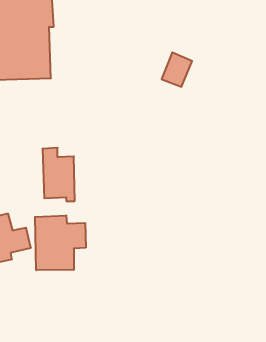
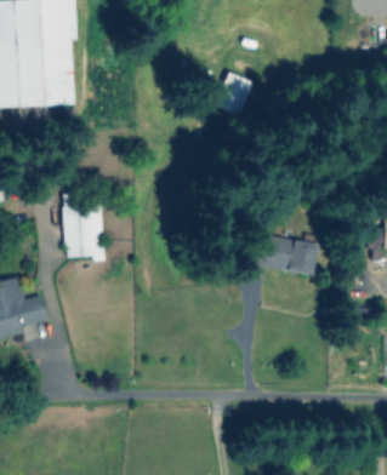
building: none -> [246,233,317,274]
building: [35,215,86,270] -> none

